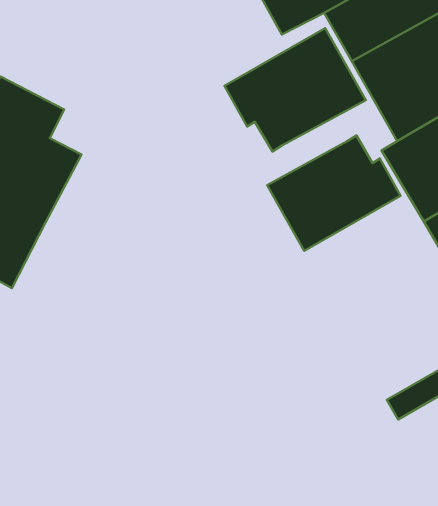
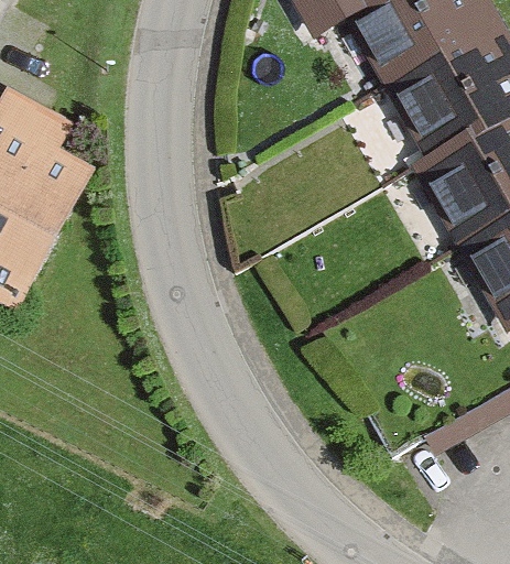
building: [225,28,366,152] -> none
building: [267,136,401,251] -> none

